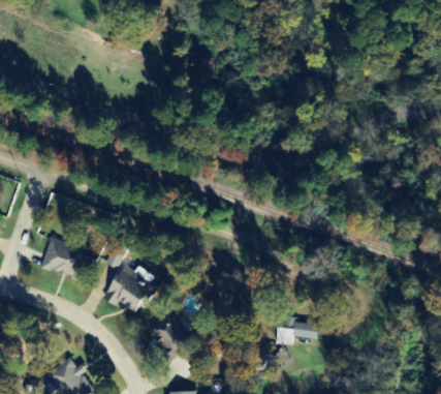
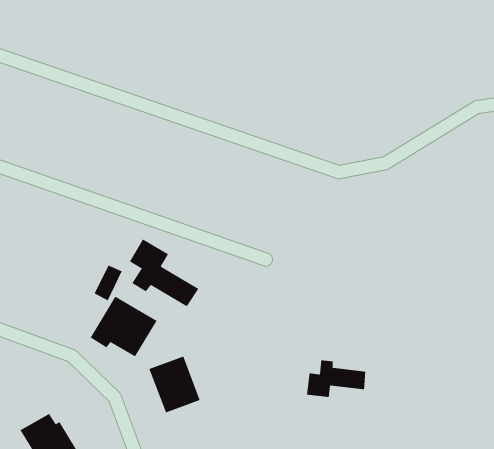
building: none -> [129,239,199,307]
building: [41,238,86,278] -> none

